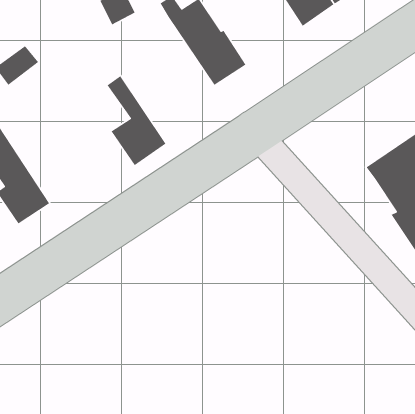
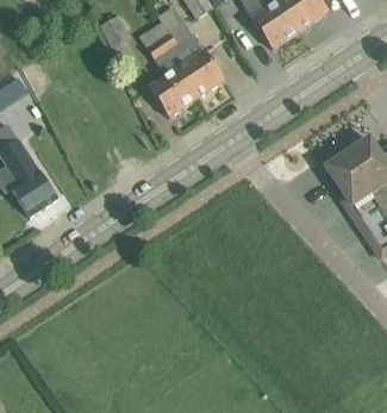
building: [106,75,167,166] -> [146,39,198,117]

